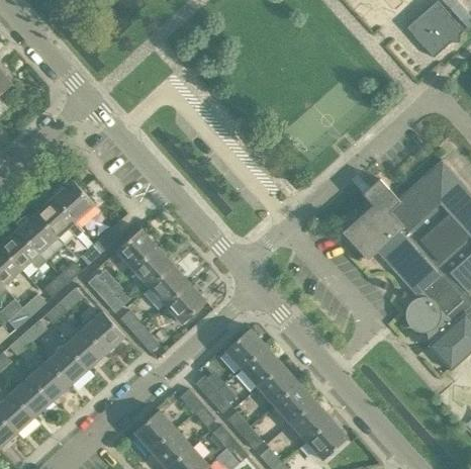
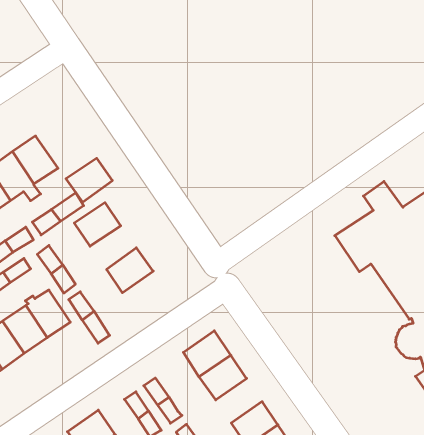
building: [131,248,172,287] -> [66,158,112,202]
building: [165,283,205,323] -> none
building: [258,365,298,405] -> none

